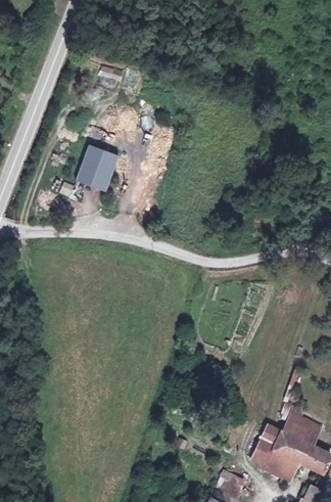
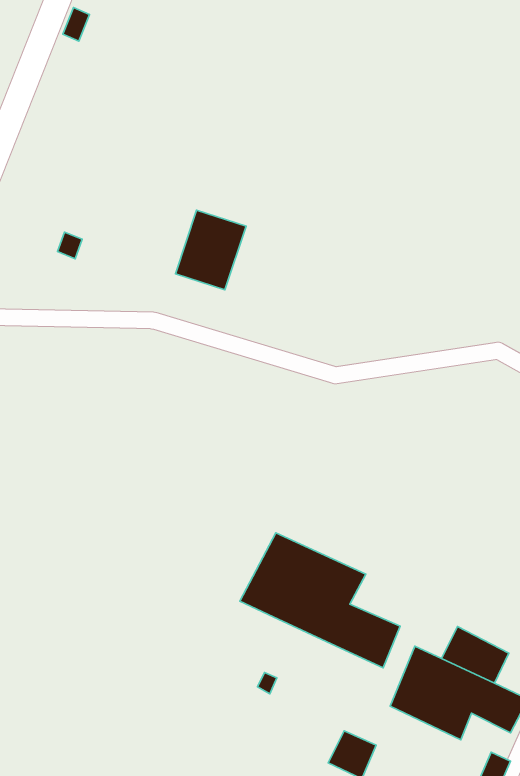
building: [77,148,117,194] -> [175,210,246,290]
building: none -> [240,533,400,668]

